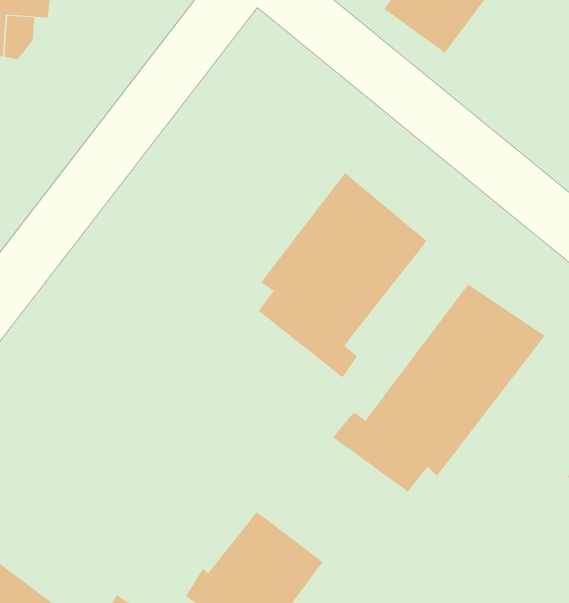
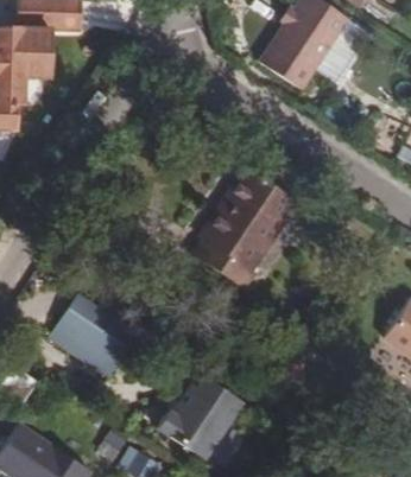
building: [332,283,546,493] -> none
building: none -> [48,284,135,370]

